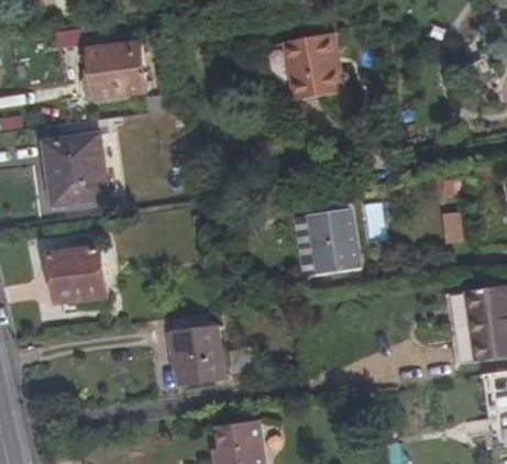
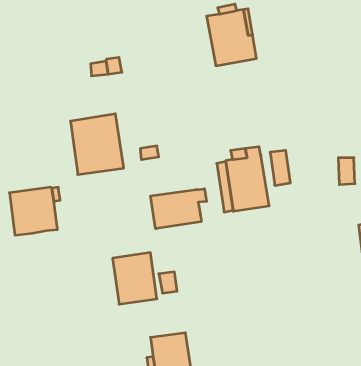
building: [88,42,145,99] -> none
building: [44,133,108,206] -> [70,114,124,175]
building: none -> [151,189,207,229]

